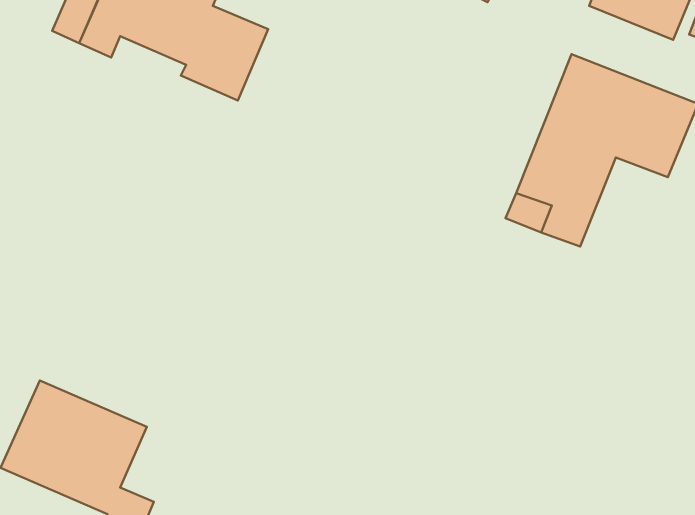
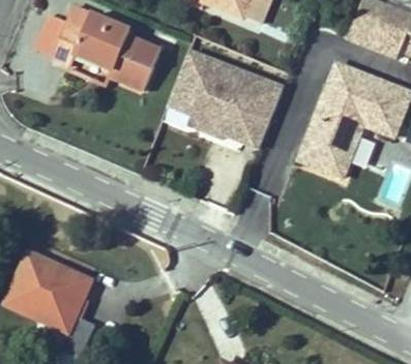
building: none -> [169,49,285,139]

